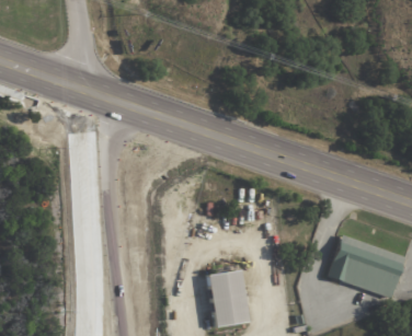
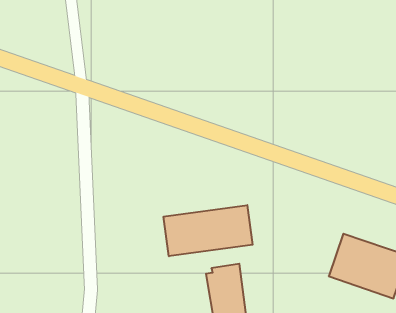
building: none -> [164,205,253,256]

